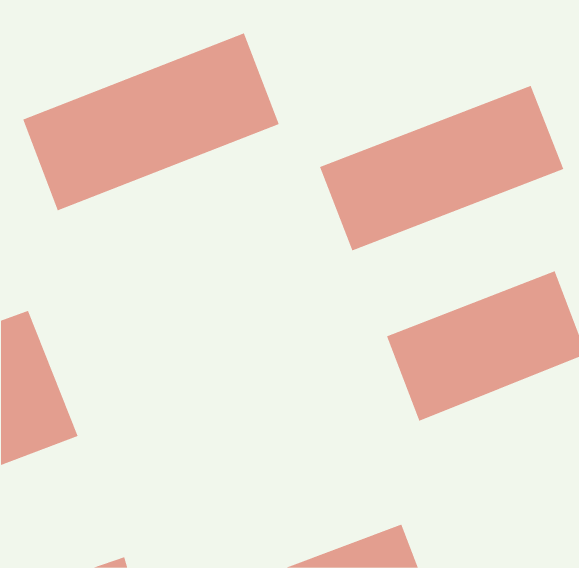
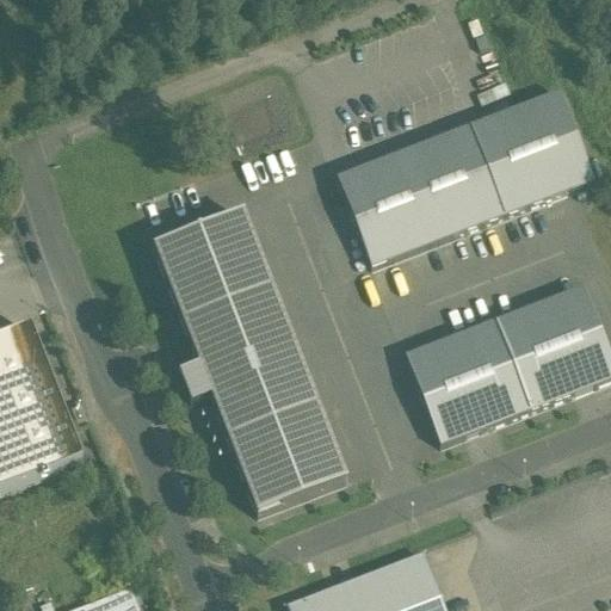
building: [22,33,280,211] -> none
building: none -> [154,211,347,512]

